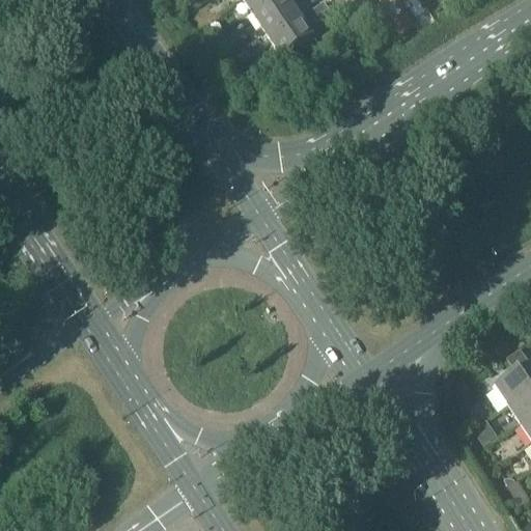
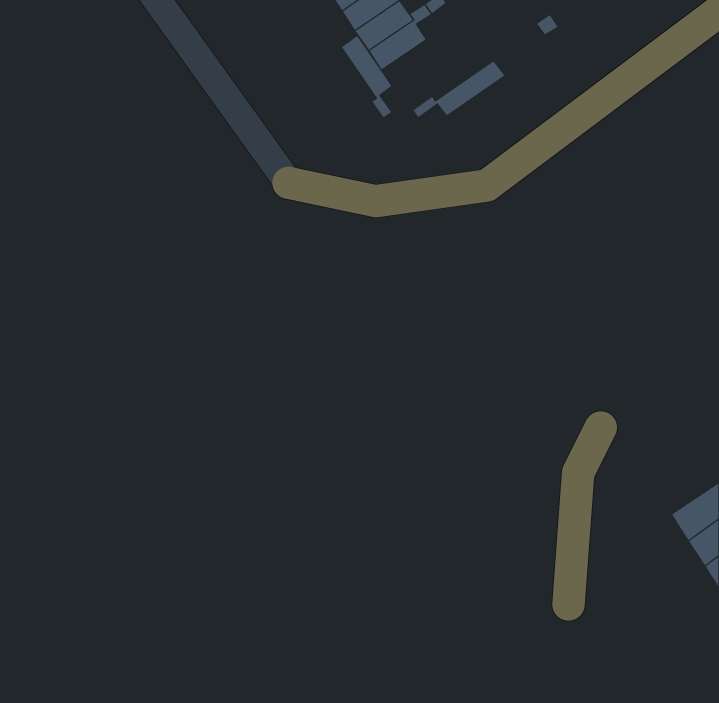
building: none -> [341,35,392,118]
building: none -> [413,61,505,118]

